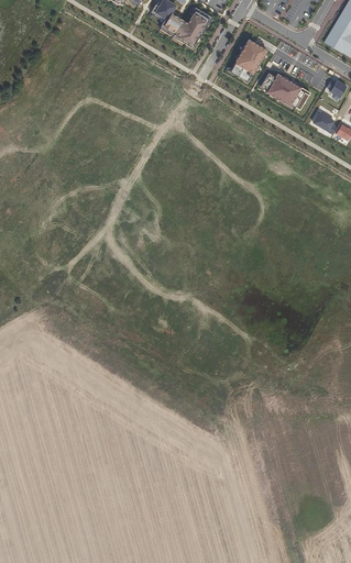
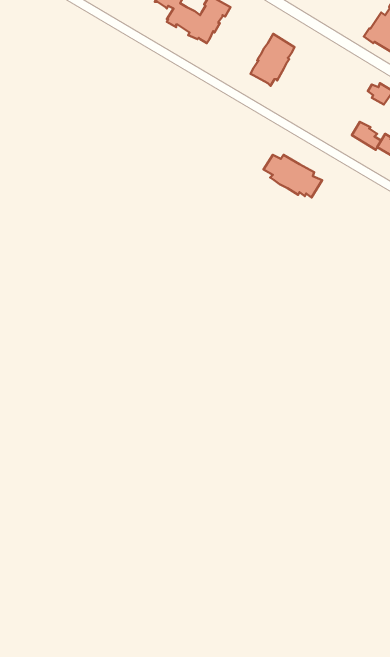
building: [260,73,308,108] -> [263,155,322,198]

